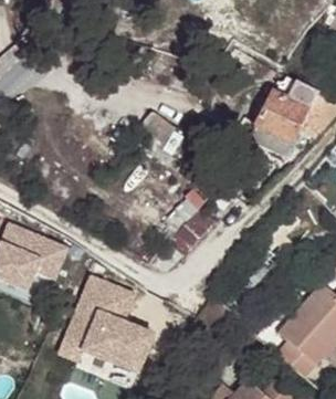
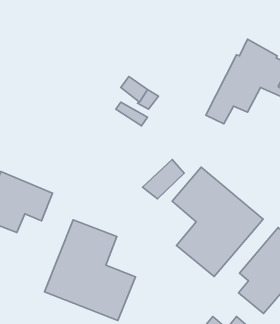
building: none -> [172,167,263,276]

